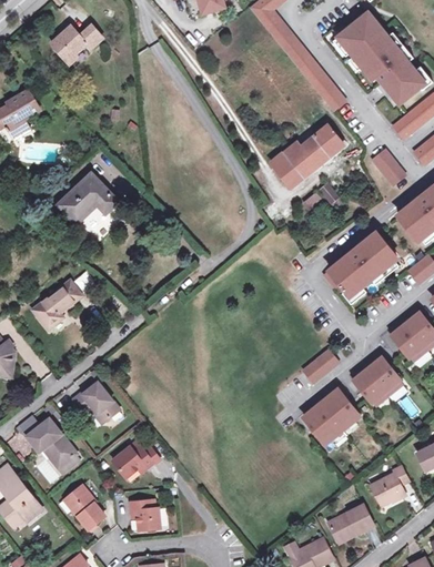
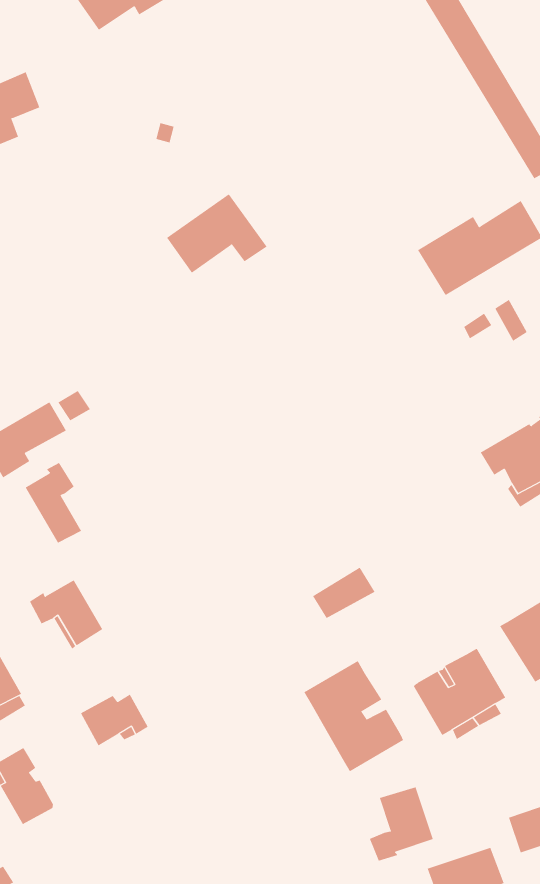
building: [57,173,117,223] -> [166,193,267,274]
building: none -> [25,462,82,544]
building: [302,348,339,382] -> [312,567,375,619]
building: none -> [304,660,404,772]
building: none -> [369,786,433,862]
building: [129,498,159,530] -> none

